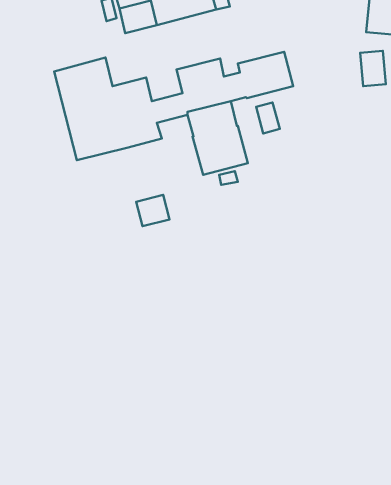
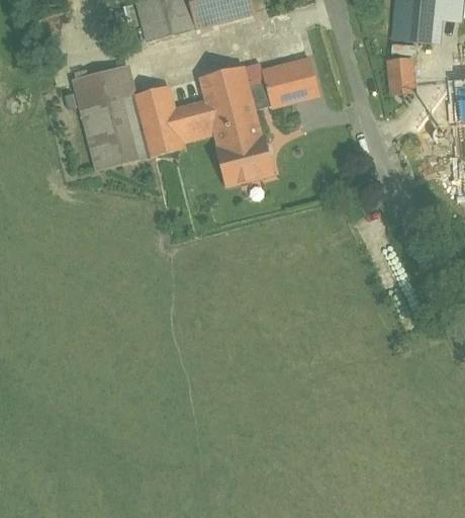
building: [256,102,280,133] -> none
building: [136,195,169,226] -> none

